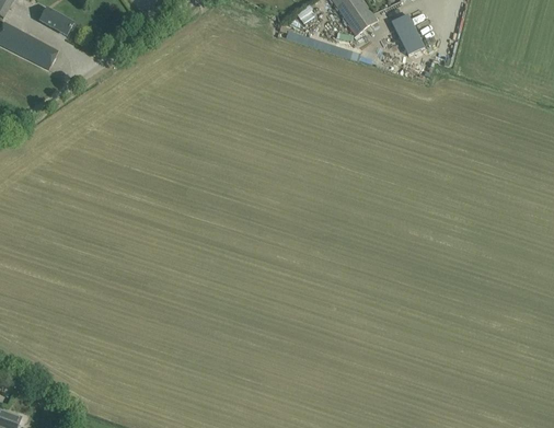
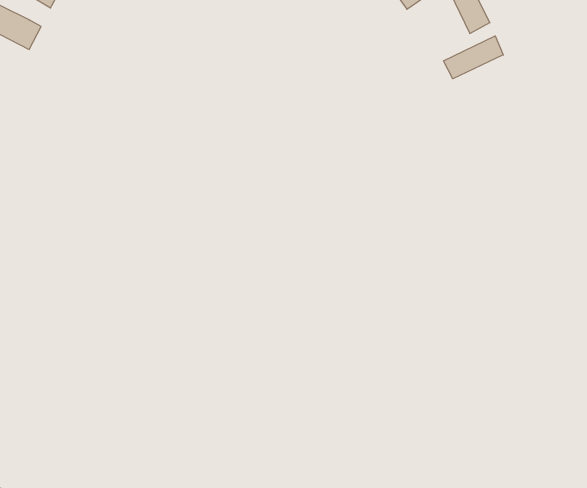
building: none -> [444,36,503,79]

